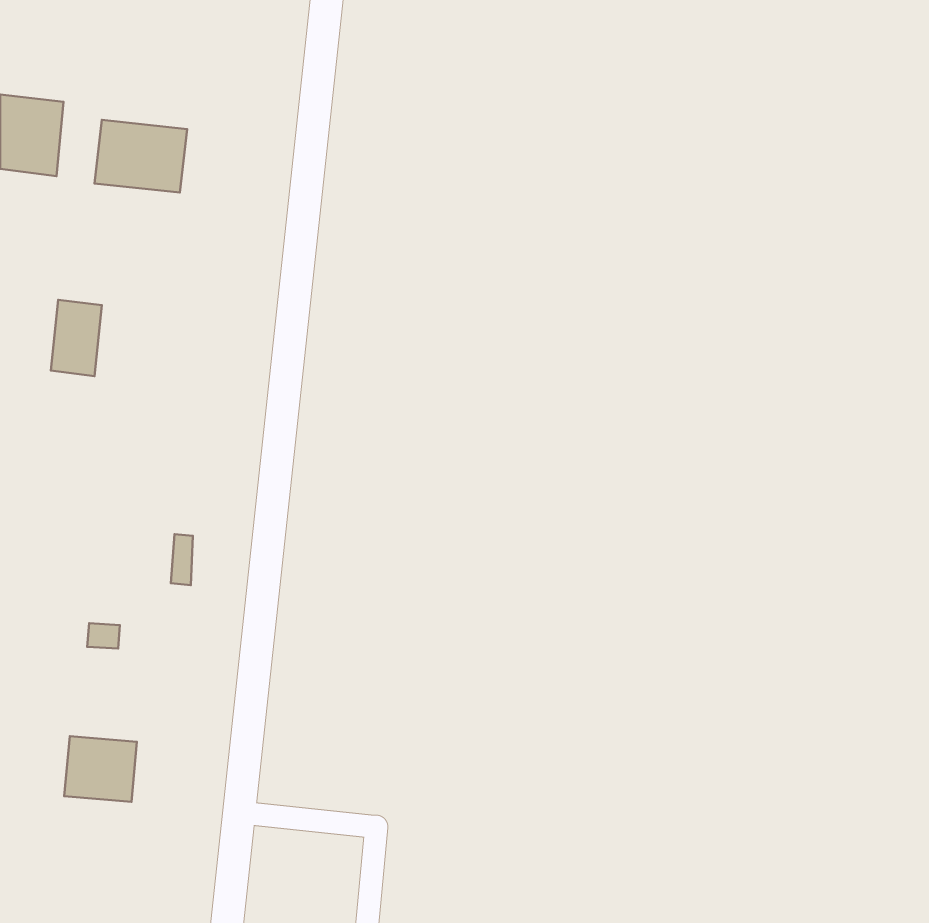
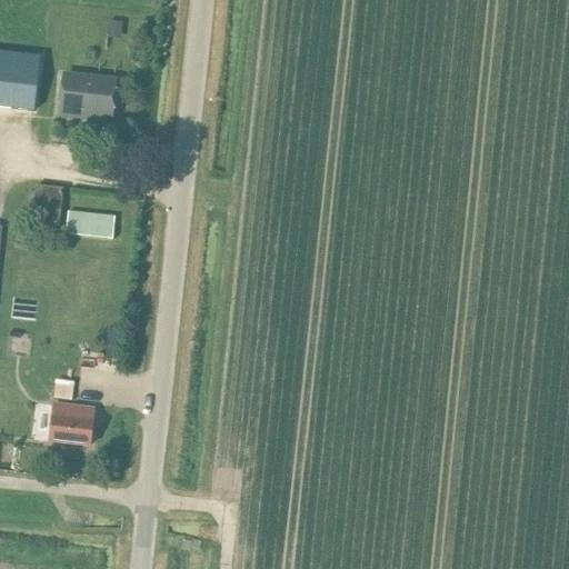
building: none -> [64,210,114,237]
building: [64,736,137,802] -> [49,402,93,442]

